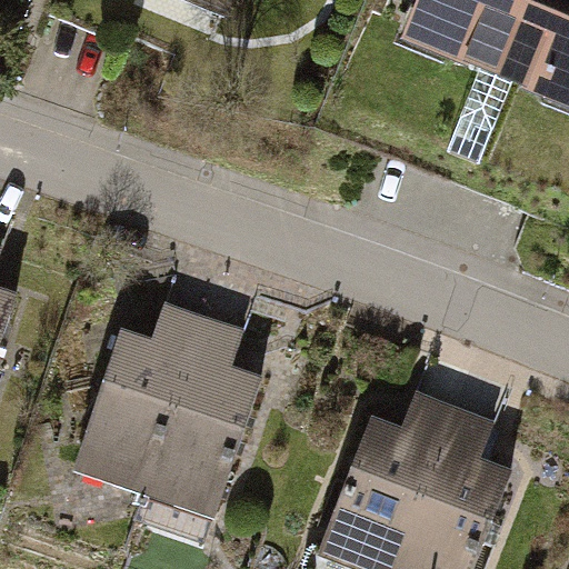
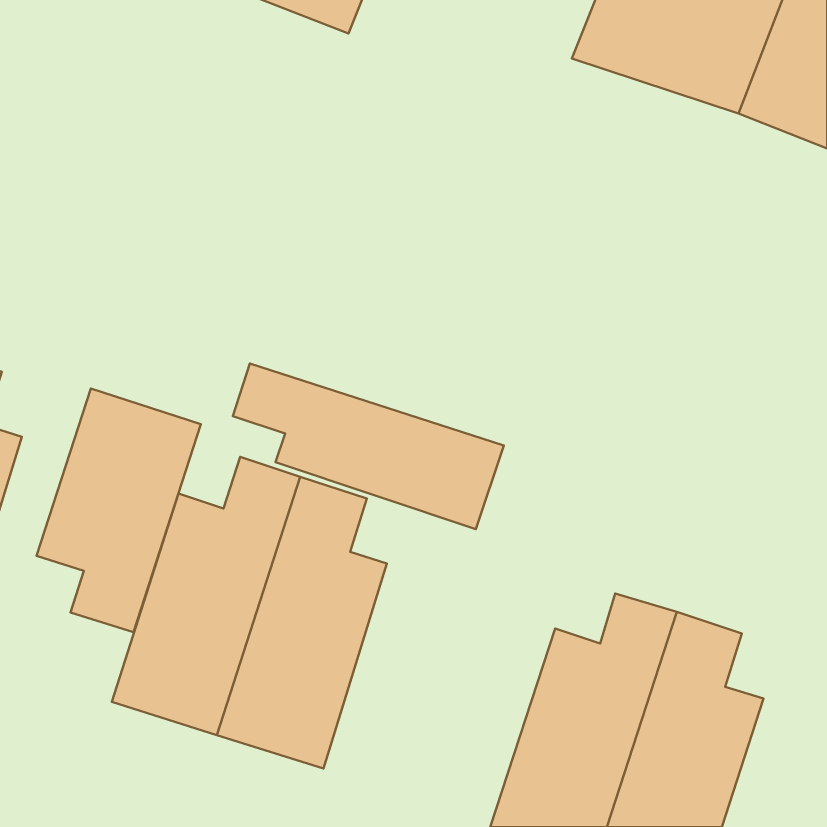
building: none -> [233,364,504,529]
building: none -> [36,388,201,632]

